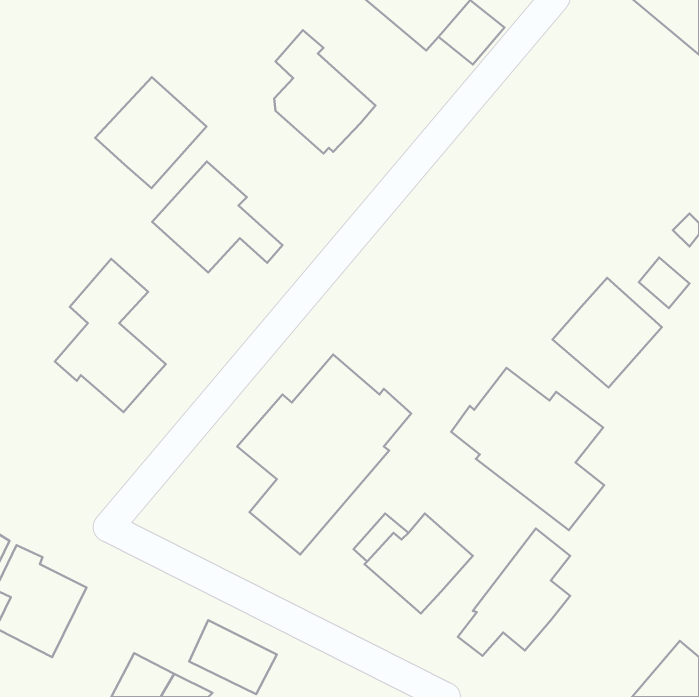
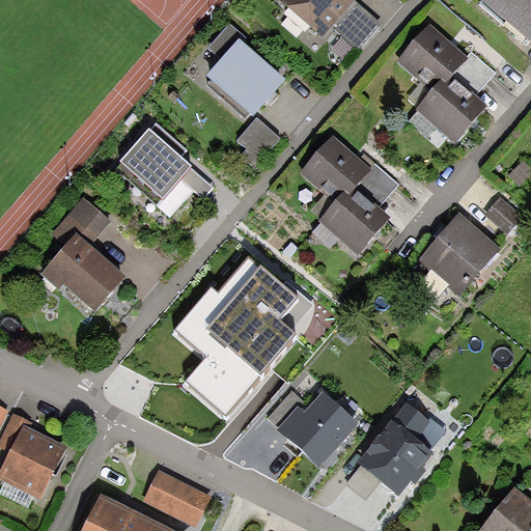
building: none -> [395,22,494,143]
building: [95,77,207,188] -> none
building: none -> [237,116,280,165]
building: none -> [300,135,399,255]
building: [451,368,604,530] -> none

